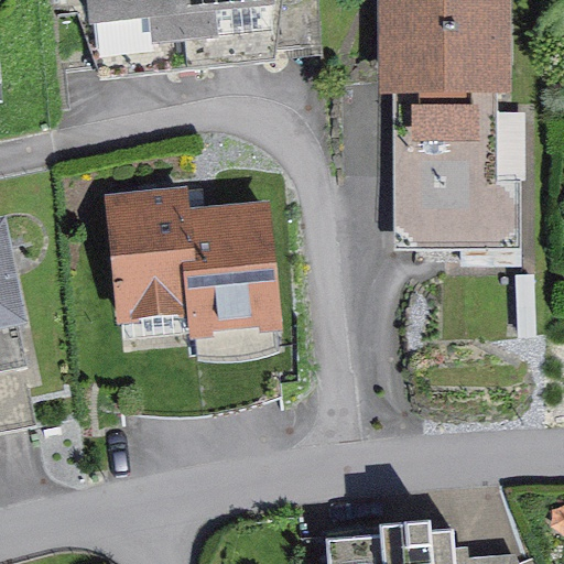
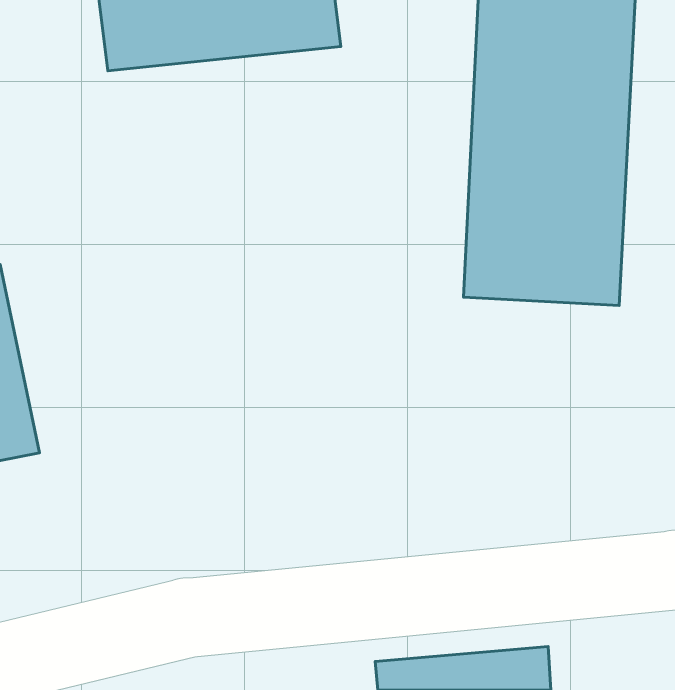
building: [106,176,283,356] -> none

